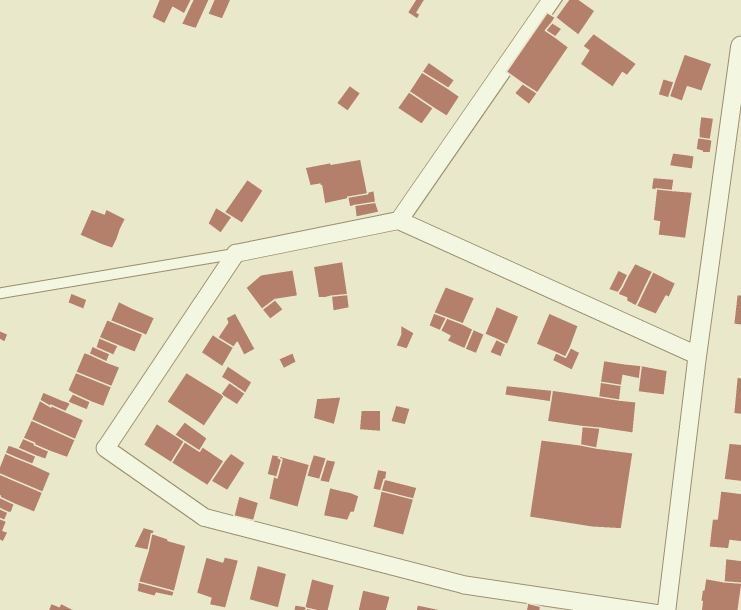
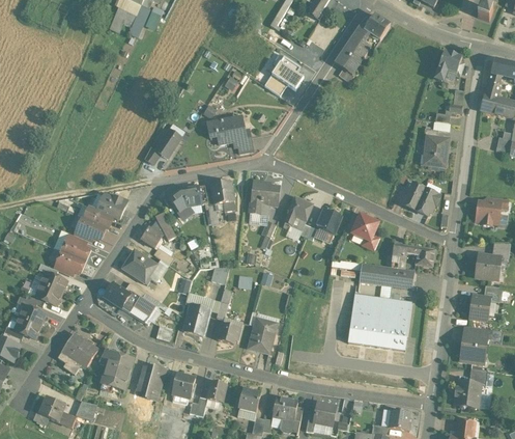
building: [580,33,637,87] -> none
building: [80,209,126,248] -> [97,193,126,218]
building: none -> [250,180,280,213]
building: none -> [58,333,97,374]

